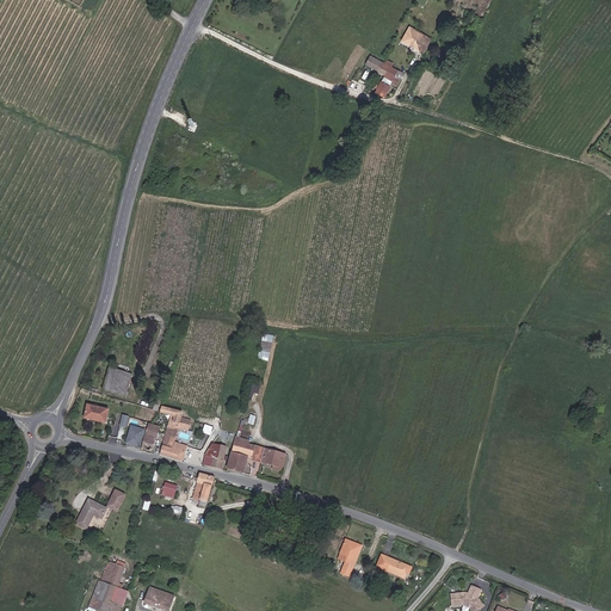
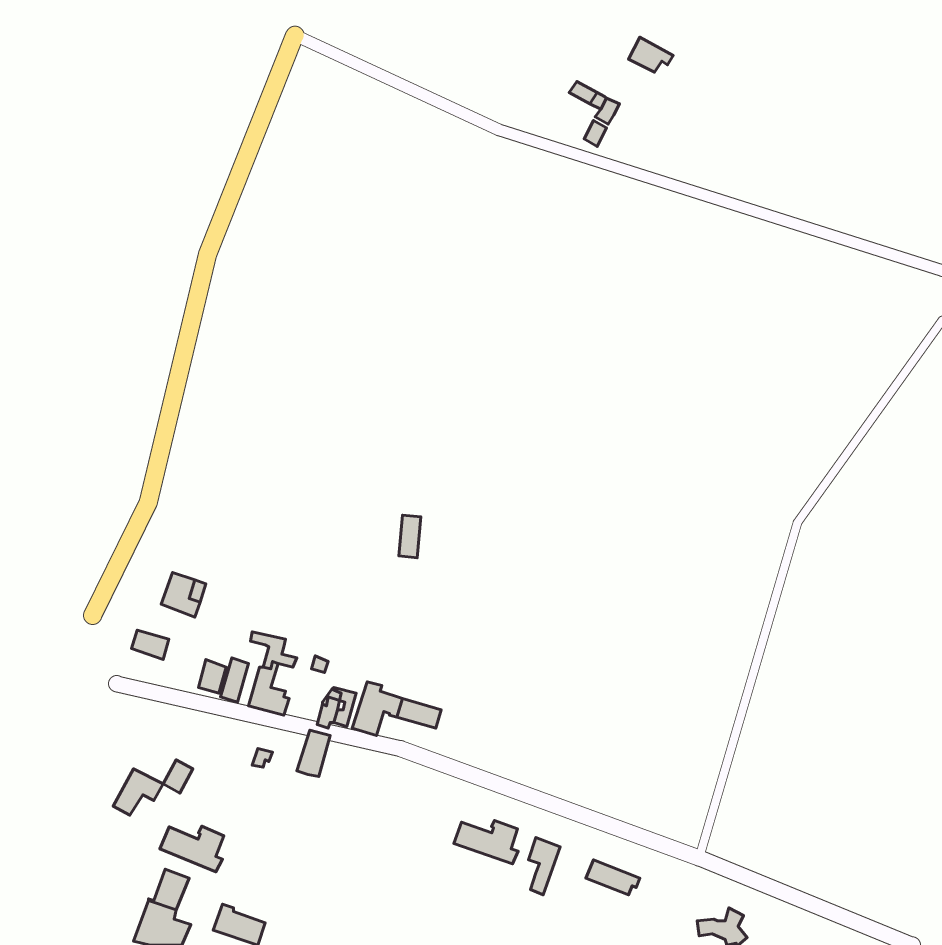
building: none -> [454,820,518,864]
building: none -> [160,826,224,872]

